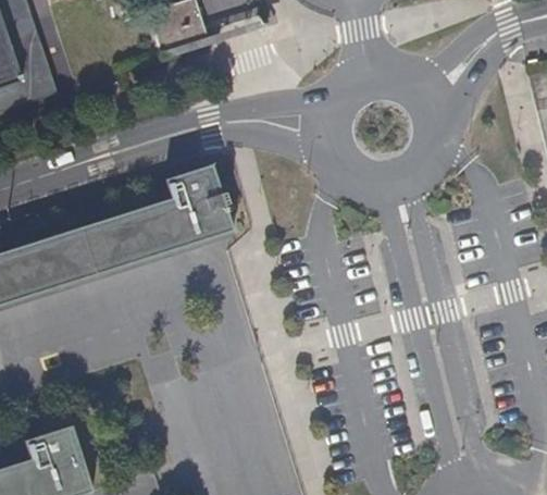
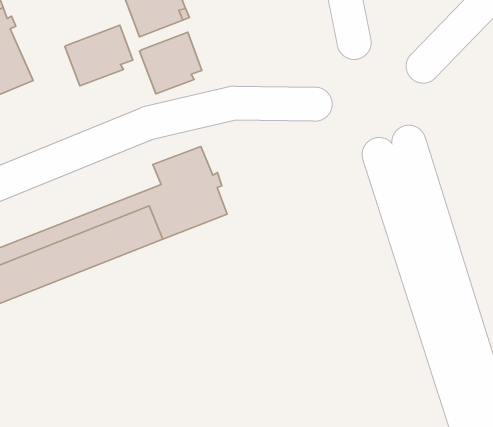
building: none -> [65,25,133,86]
building: none -> [140,32,202,94]

